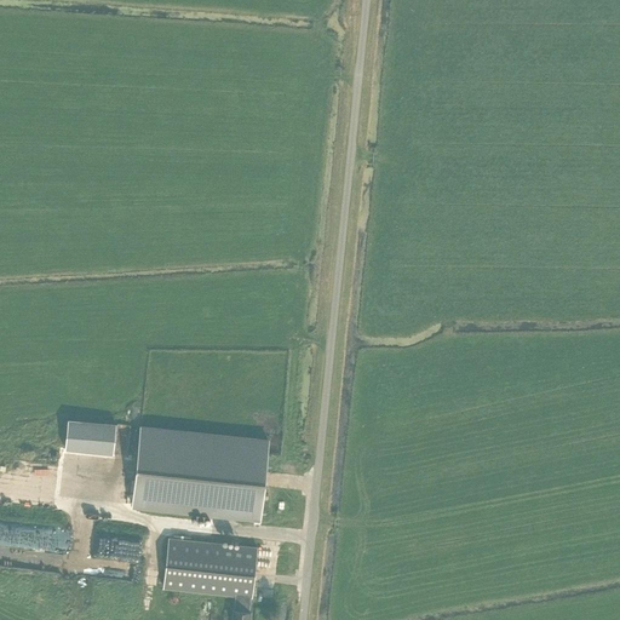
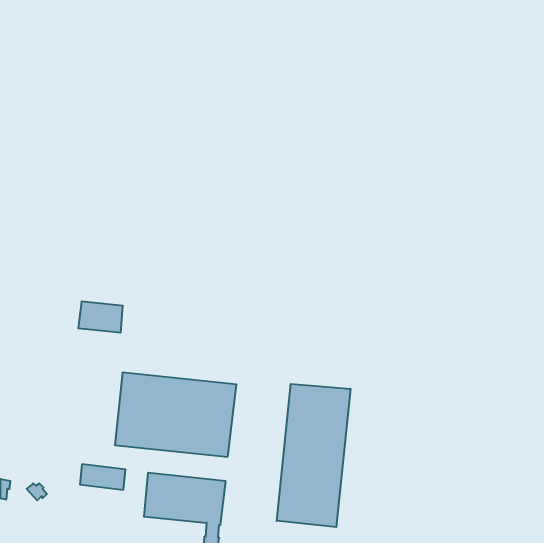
building: [64,420,115,455] -> [78,302,123,333]
building: none -> [277,384,350,527]

